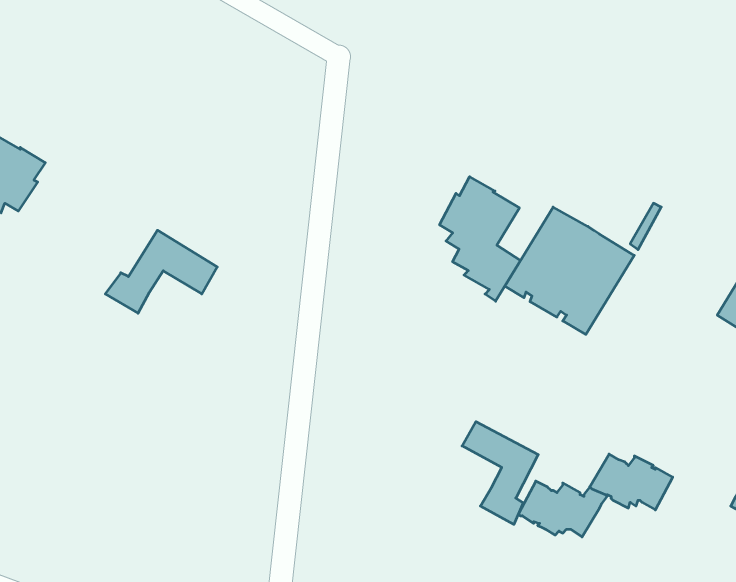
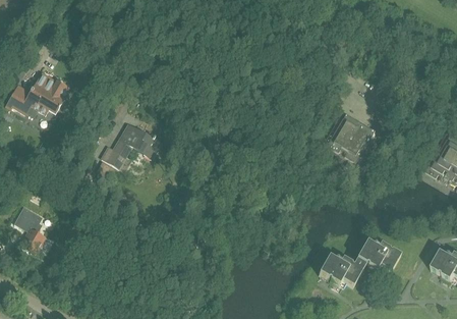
building: [440,177,521,301] -> none
building: [462,422,538,524] -> none

